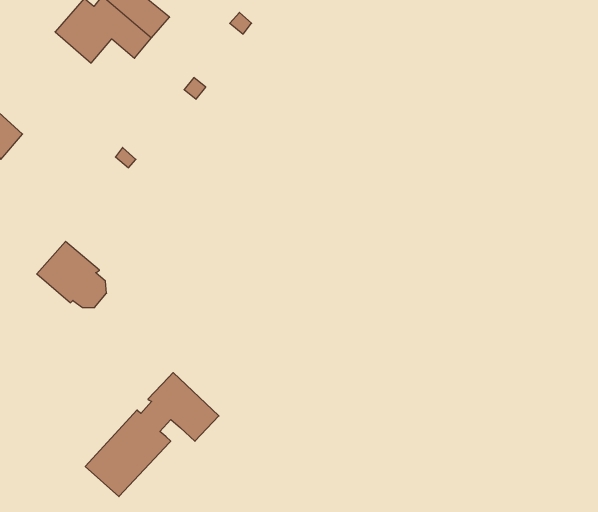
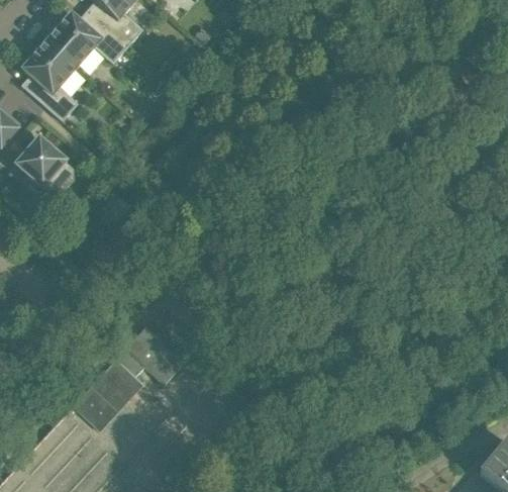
building: none -> [21,39,78,119]
building: [37,241,107,308] -> [14,136,73,192]

